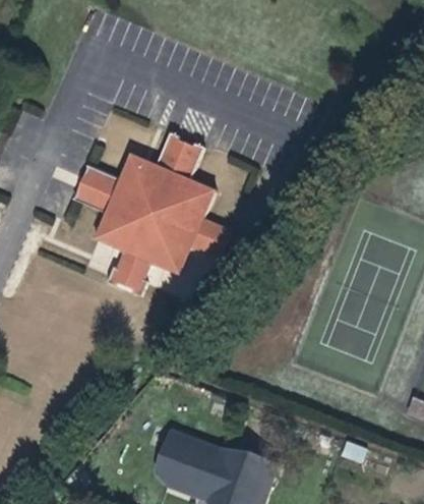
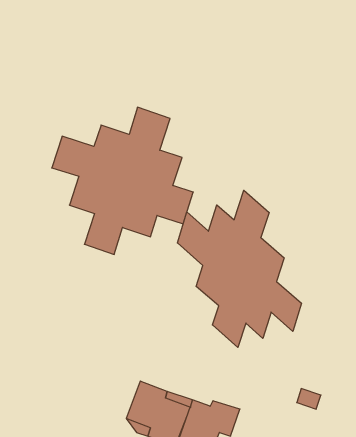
building: none -> [177,190,301,347]

